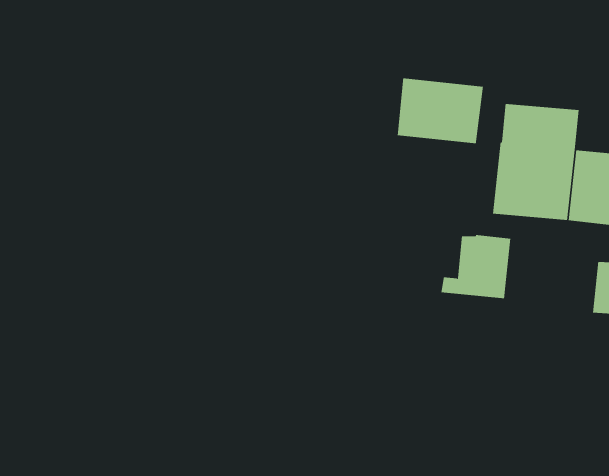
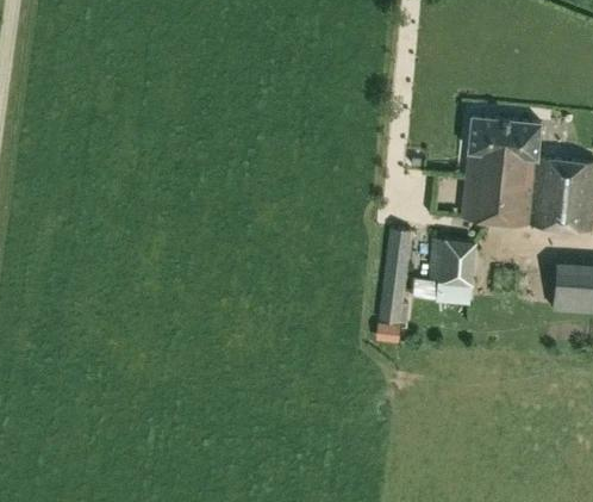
building: [397,77,483,144] -> none
building: none -> [379,229,413,326]

